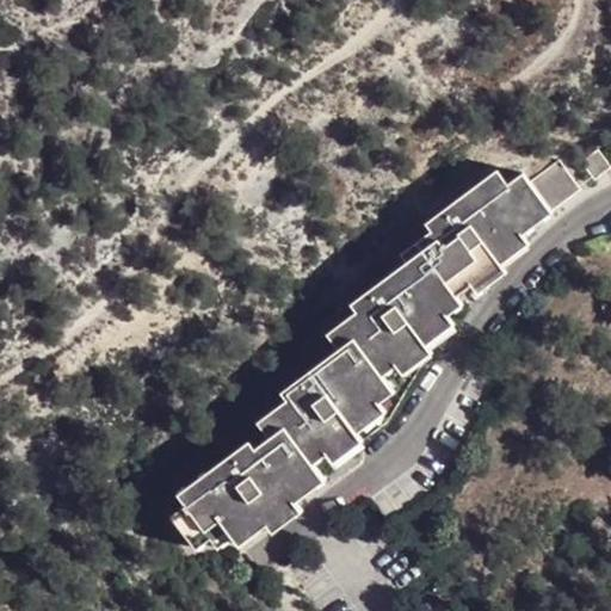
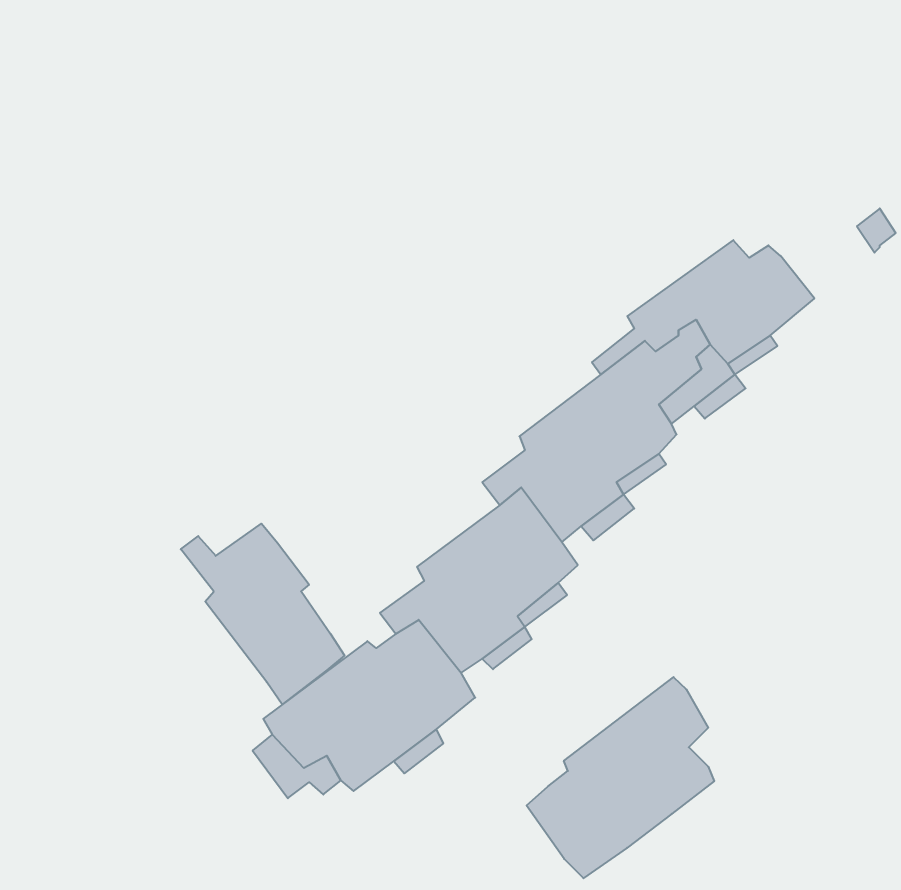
building: [529,160,579,210] -> none
building: none -> [181,524,345,705]
building: none -> [527,677,714,878]

